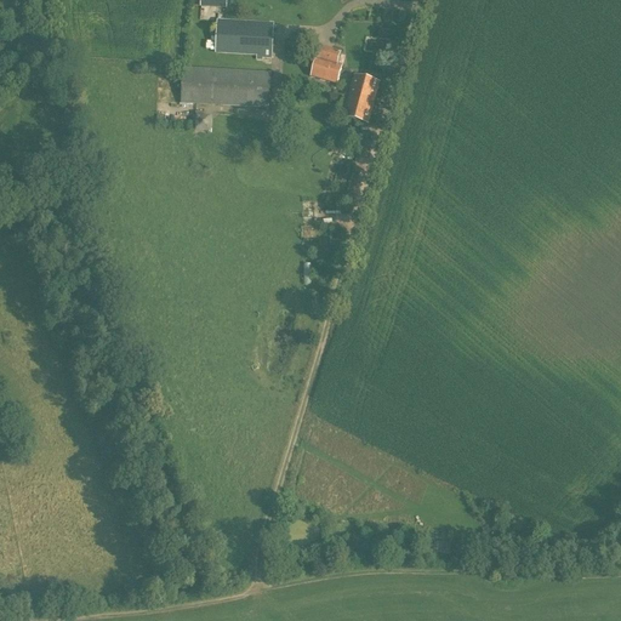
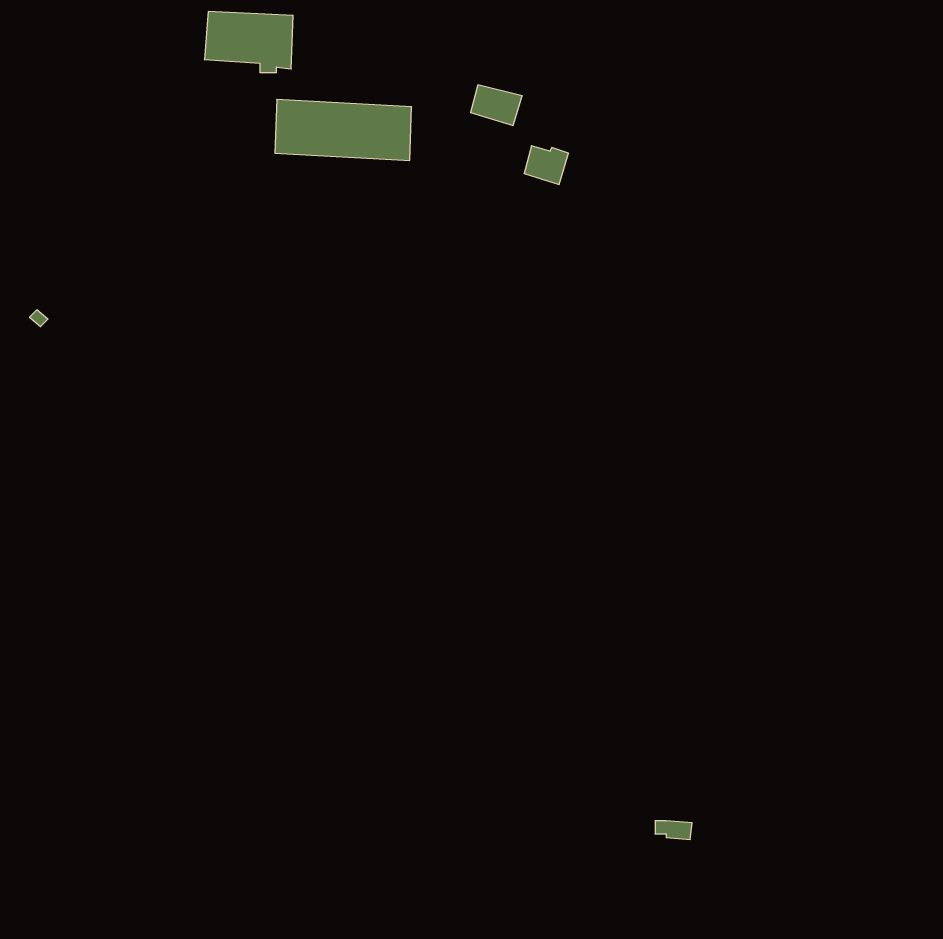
building: [215,18,273,58] -> [204,12,293,73]
building: [349,74,378,101] -> none

